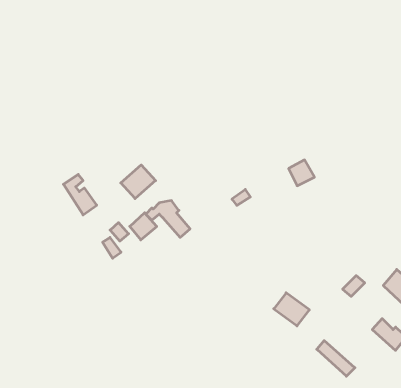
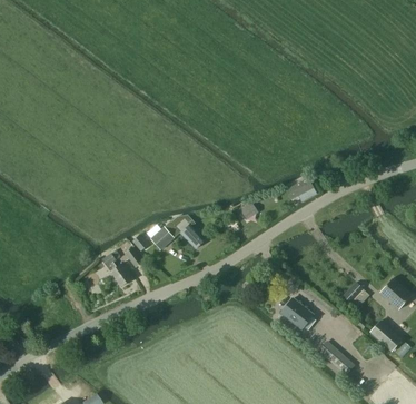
building: [121,165,156,199] -> none
building: [63,174,97,215] -> [102,250,132,287]

